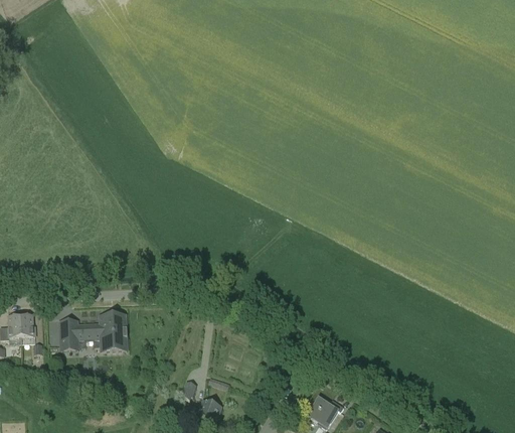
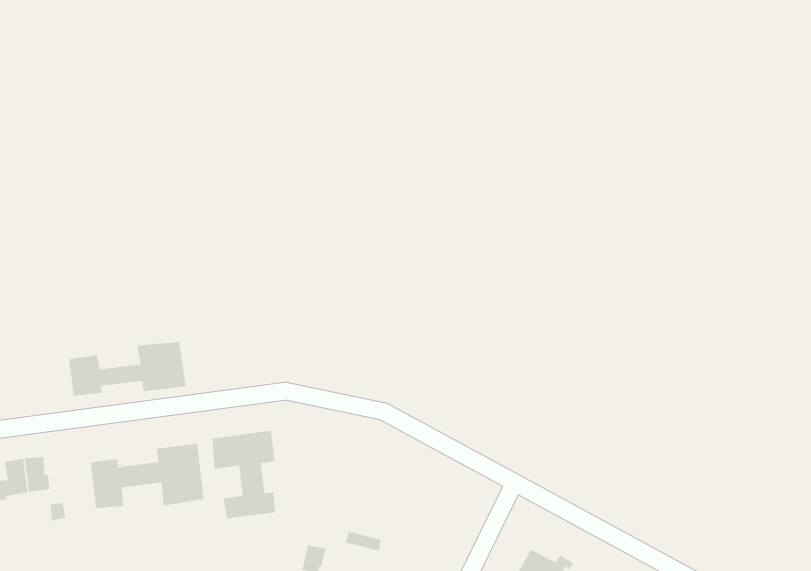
building: none -> [68,341,186,397]
building: none -> [212,430,276,519]

